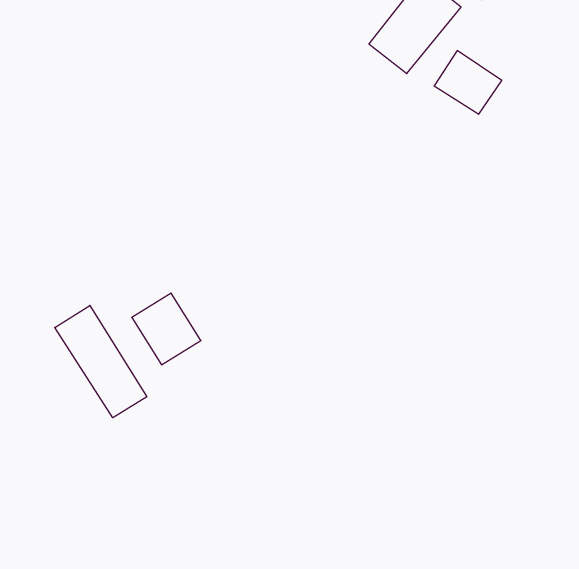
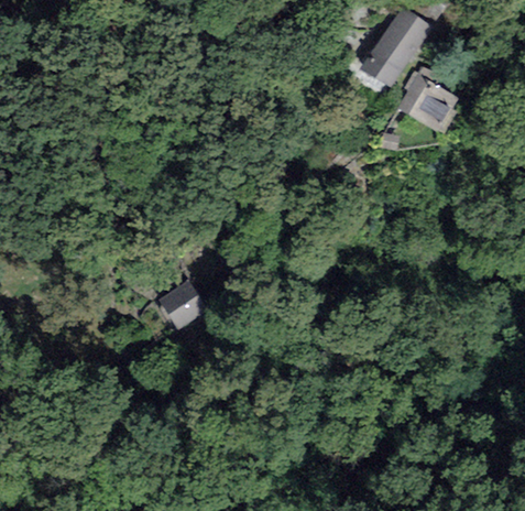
building: [55,305,147,418] -> none

